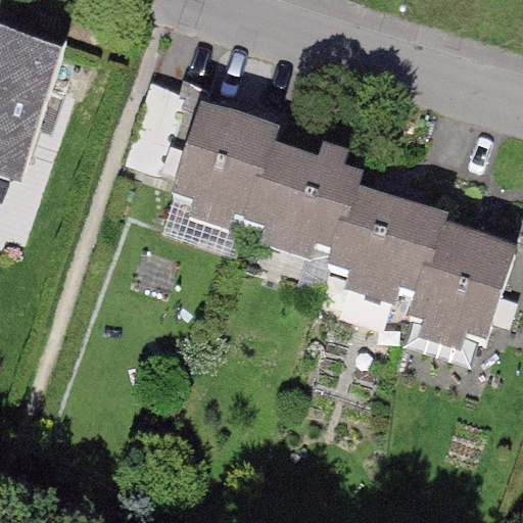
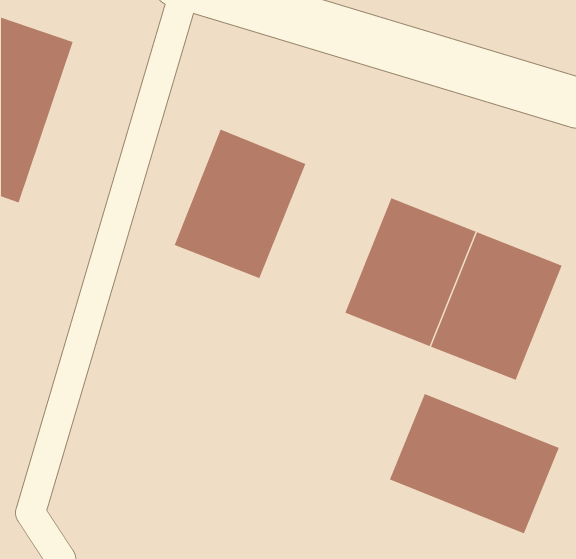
building: [236,148,354,283] -> none
building: none -> [389,393,560,534]

